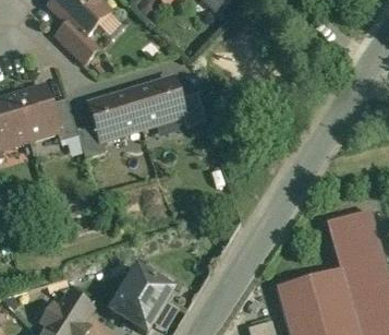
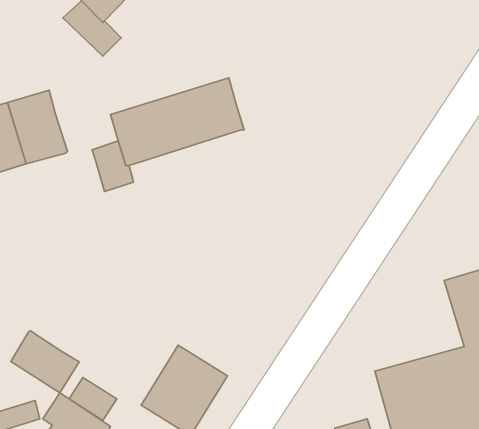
building: [179,91,206,125] -> none
building: [50,96,78,140] -> none
building: none -> [11,331,79,393]

